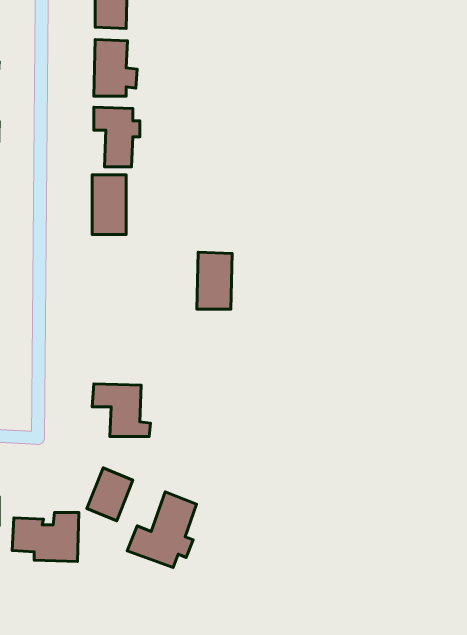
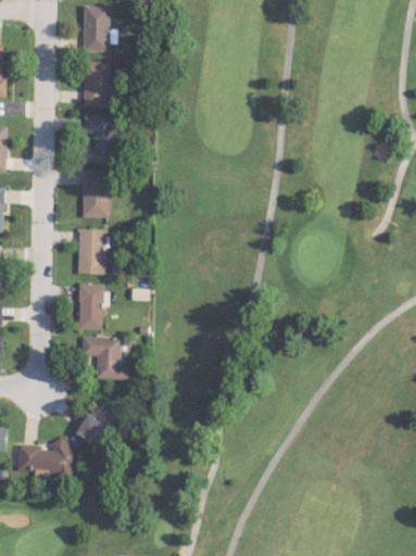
building: [197,252,232,309] -> [77,228,105,274]
building: none -> [78,283,103,329]
building: [127,492,197,567] -> none

